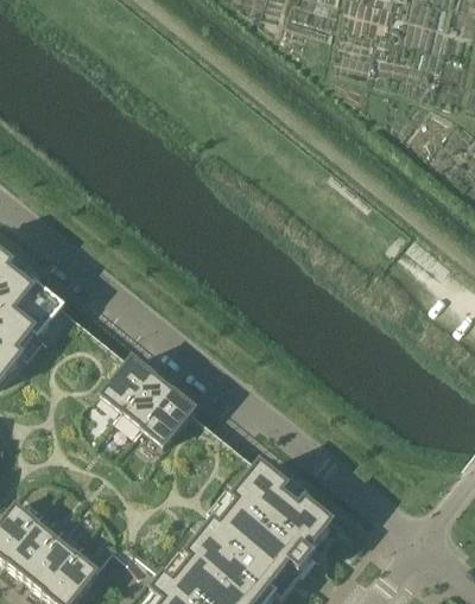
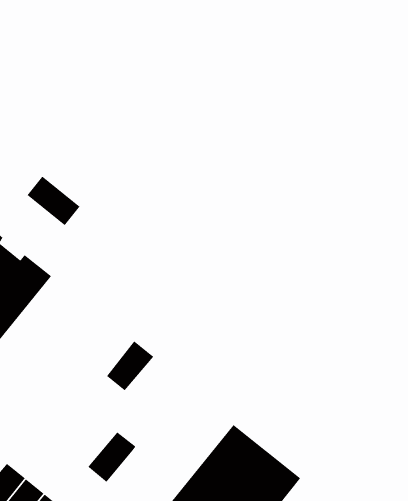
building: none -> [26,176,80,226]
building: [102,355,157,412] -> none
building: [144,389,197,445] -> [87,431,136,483]

